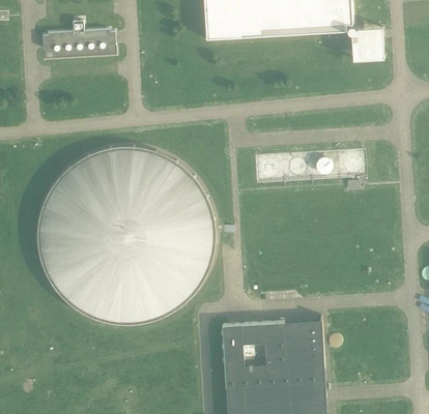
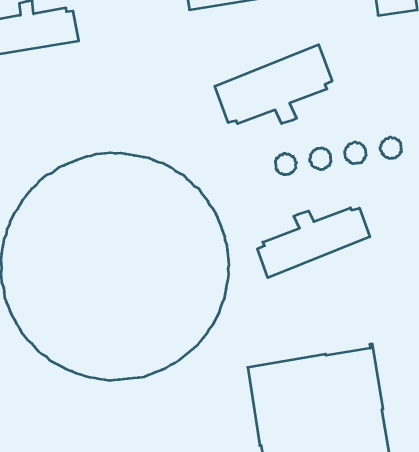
building: none -> [215,45,332,124]
building: none -> [257,208,370,278]

